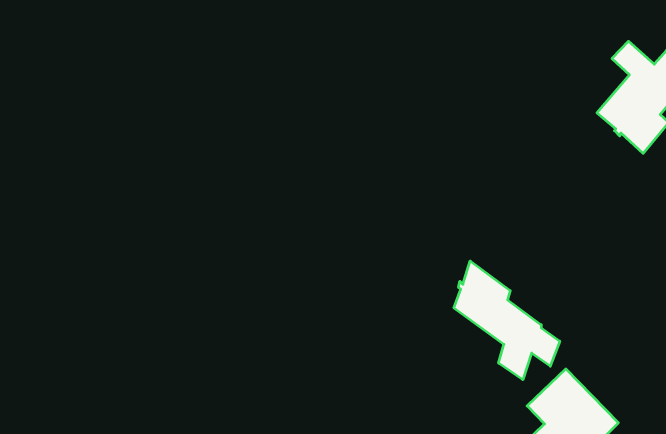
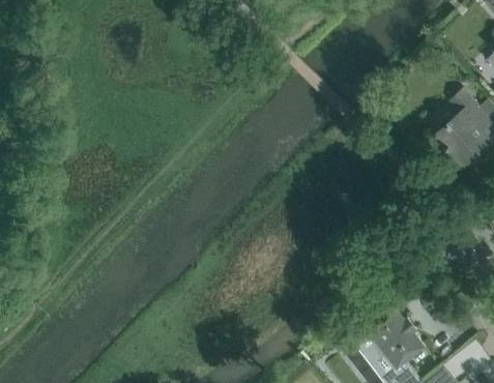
building: [454,261,560,380] -> none

